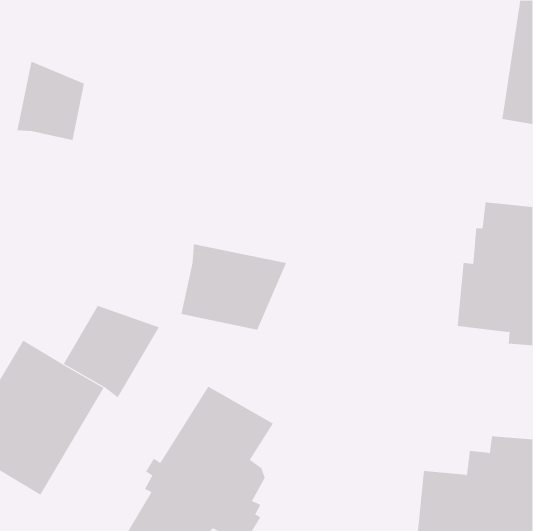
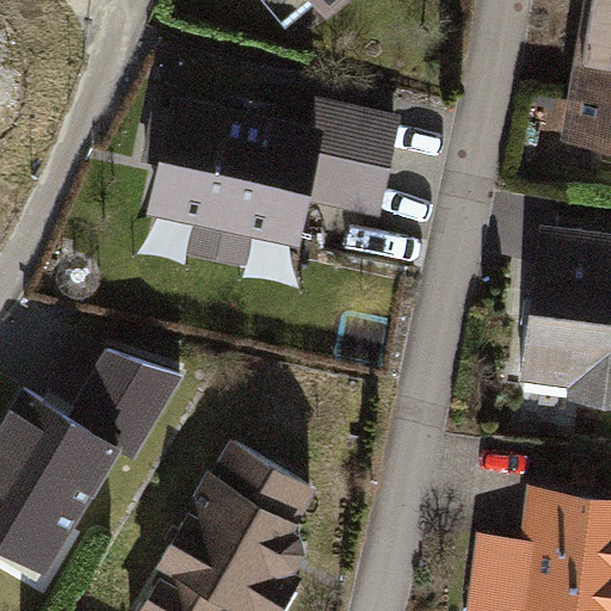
building: [17,61,85,141] -> none
building: none -> [147,95,396,260]
building: [181,243,287,330] -> none

